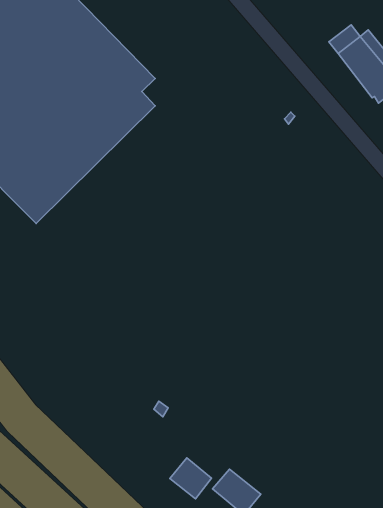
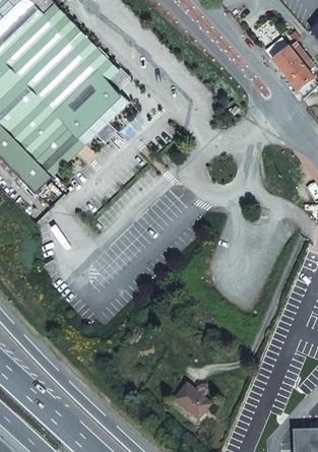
building: [170,458,211,499] -> none

